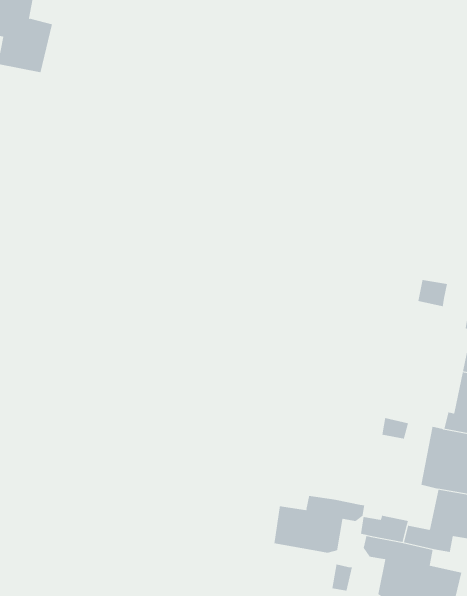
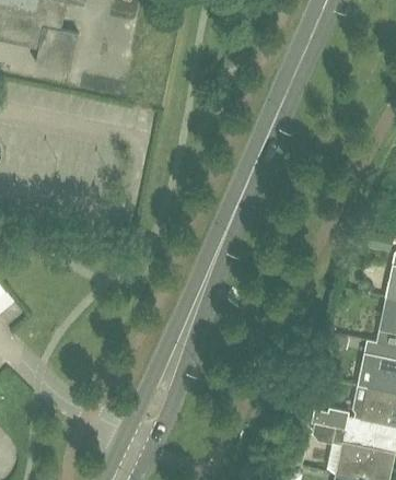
building: [274,495,365,554] -> none

